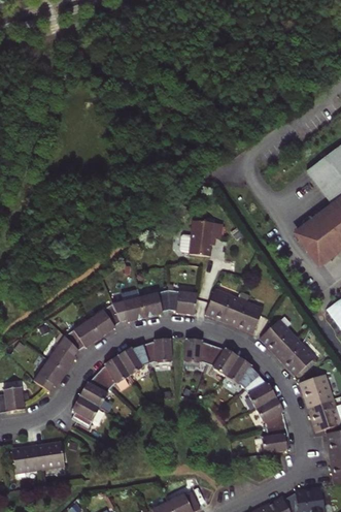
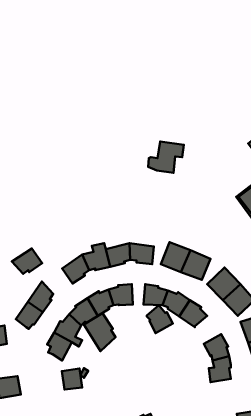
building: [178,219,220,256] -> [148,141,184,173]
building: [64,319,100,349] -> [12,248,42,274]
building: none -> [84,313,115,351]
building: [244,375,275,408] -> [147,305,173,333]
building: [40,442,64,467] -> [62,368,82,389]

